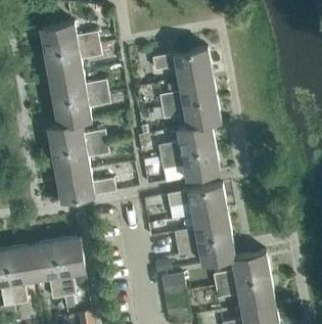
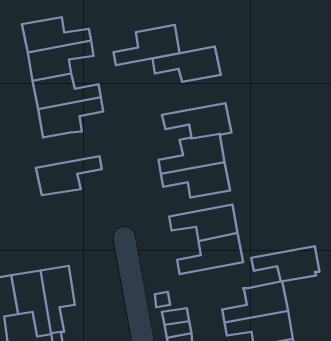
building: [158,72,216,106] -> [113,25,179,65]
building: [47,122,106,152] -> none
building: [56,171,116,200] -> none
building: [176,234,235,265] -> [251,246,320,281]

